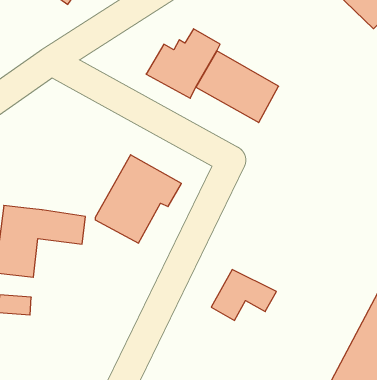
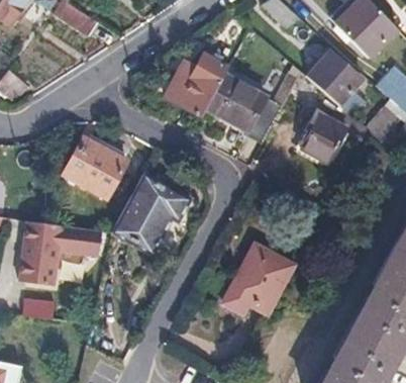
building: none -> [305,54,359,105]
building: none -> [298,115,344,166]
building: none -> [64,131,128,196]
building: none -> [237,243,295,297]

